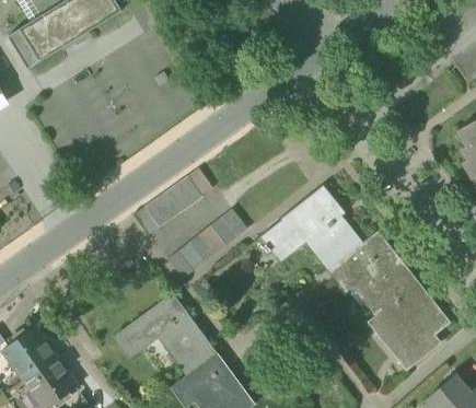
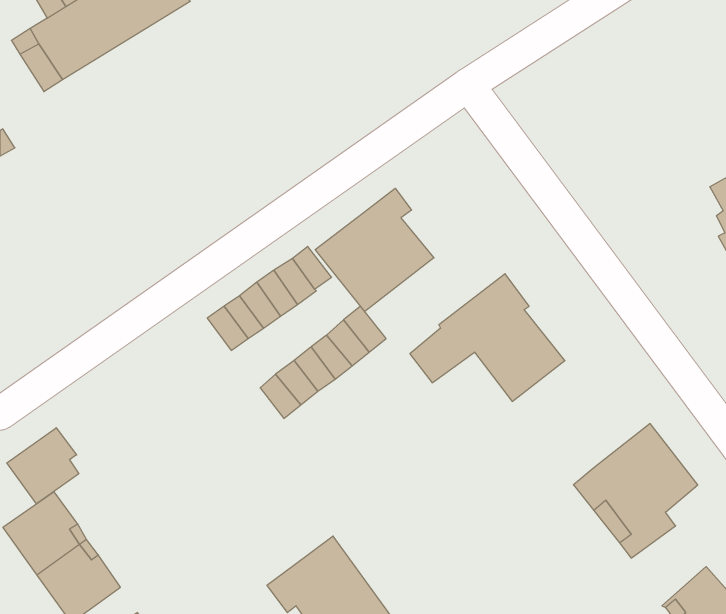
building: none -> [315,188,434,311]
building: [329,232,418,311] -> none
building: none -> [7,428,79,504]
building: [117,298,214,374] -> none

